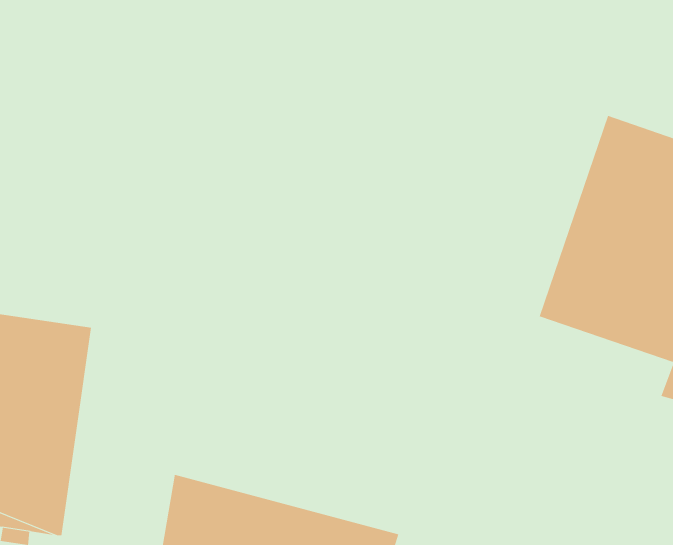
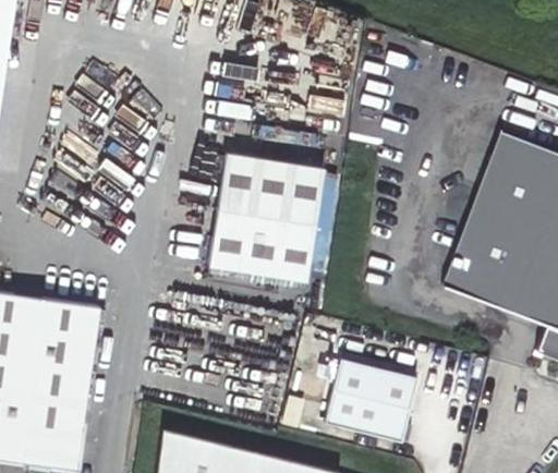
building: none -> [208,158,324,286]
building: none -> [324,362,417,445]

